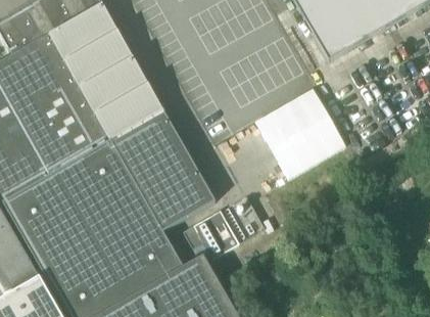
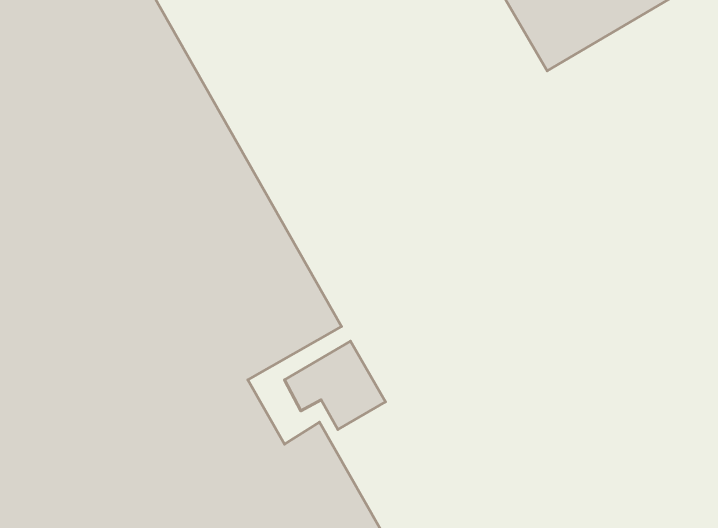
building: [255,89,345,180] -> none

